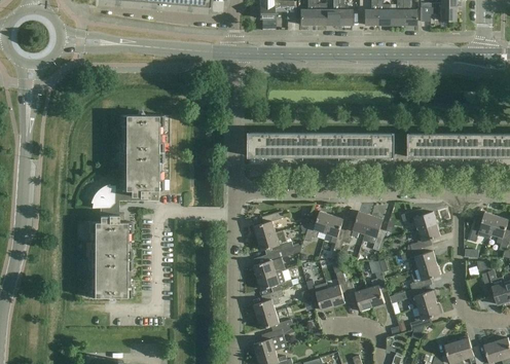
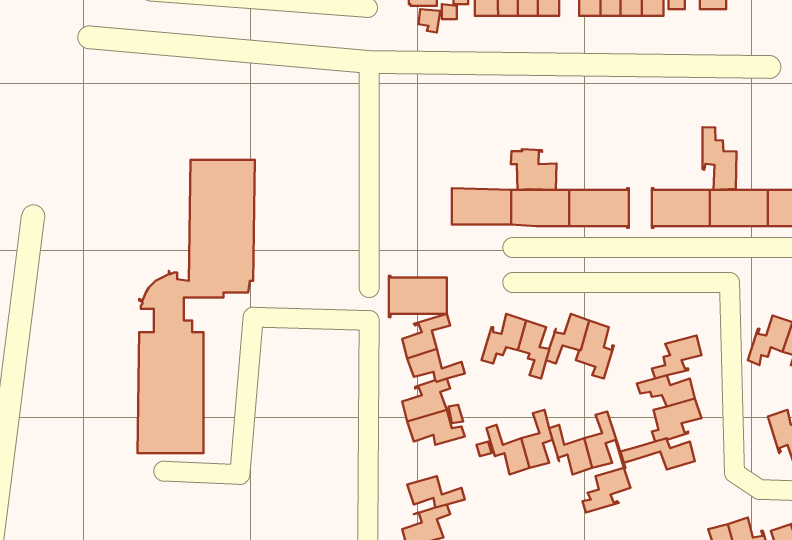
building: none -> [702,127,736,190]
building: none -> [511,149,557,190]
building: [249,132,285,157] -> [389,276,447,317]
building: [401,209,437,229] -> none
building: [253,290,284,317] -> none
building: [410,302,440,330] -> [582,468,630,513]

